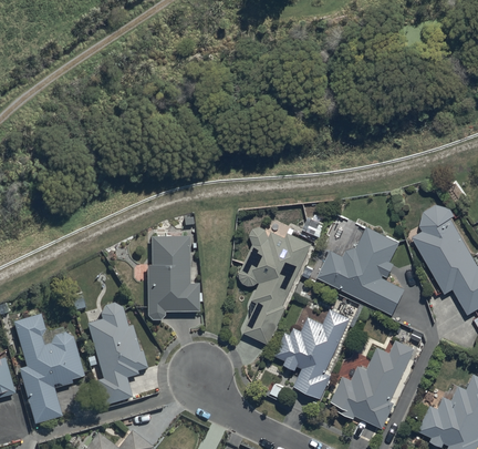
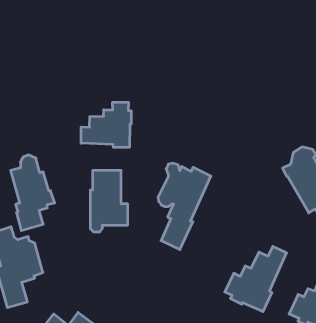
building: none -> [81,102,131,147]
building: [316,226,404,315] -> none
building: [87,303,147,406] -> [11,155,55,231]
building: [274,309,350,399] -> none

